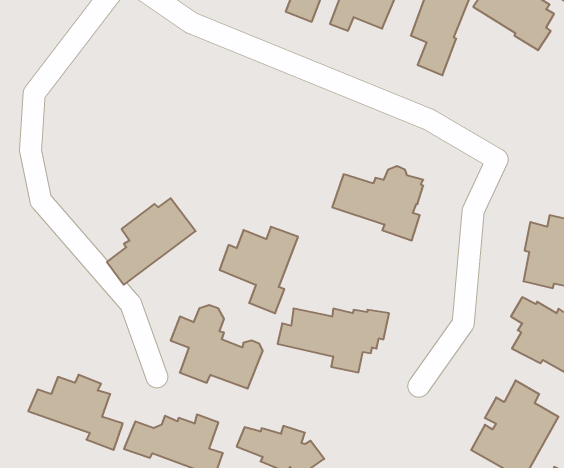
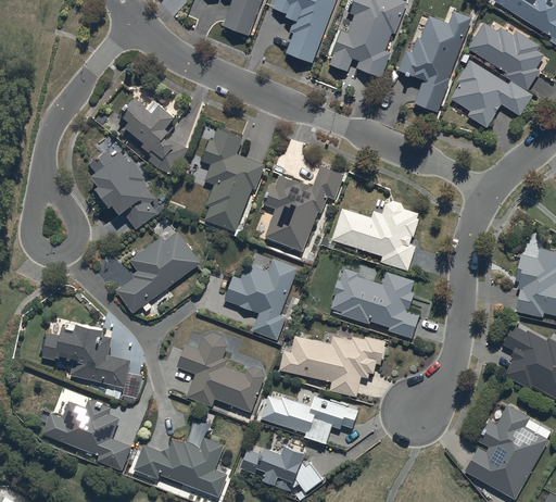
building: none -> [450,60,531,127]
building: none -> [119,97,186,175]
building: none -> [202,128,265,230]
building: none -> [89,150,157,228]
building: none -> [262,164,344,250]
building: none -> [331,267,419,338]
building: none -> [41,325,141,398]
building: none -> [261,396,358,444]

